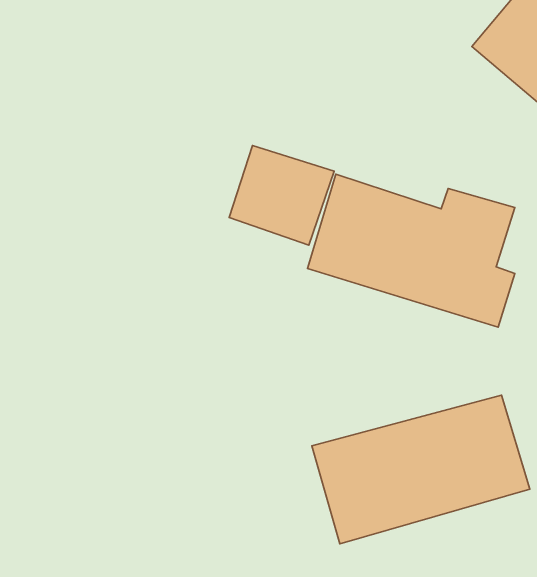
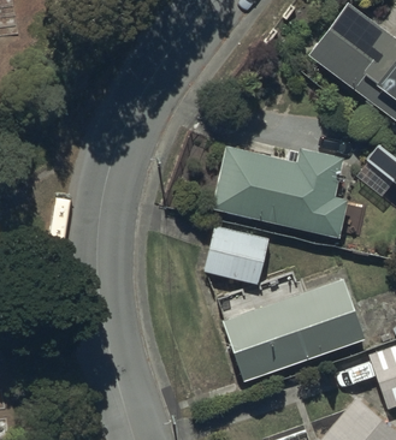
building: [229,146,334,245] -> [203,226,268,287]

